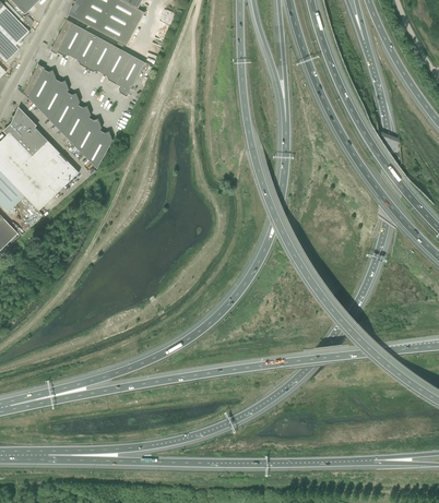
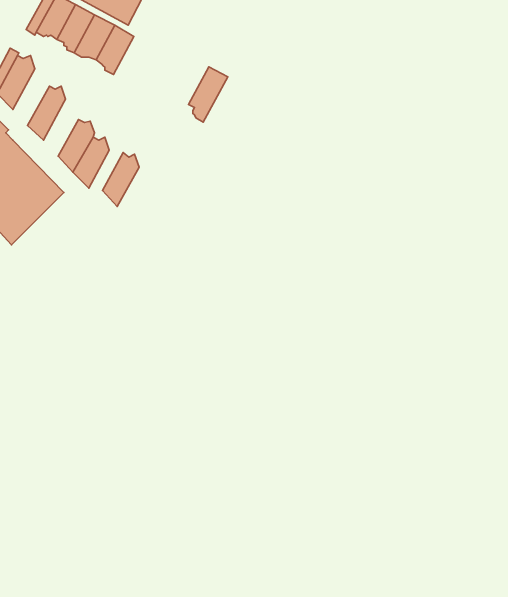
building: [115,55,144,96] -> [189,67,228,122]
building: [39,79,68,121] -> none
building: [62,104,90,144] -> [103,153,139,207]

